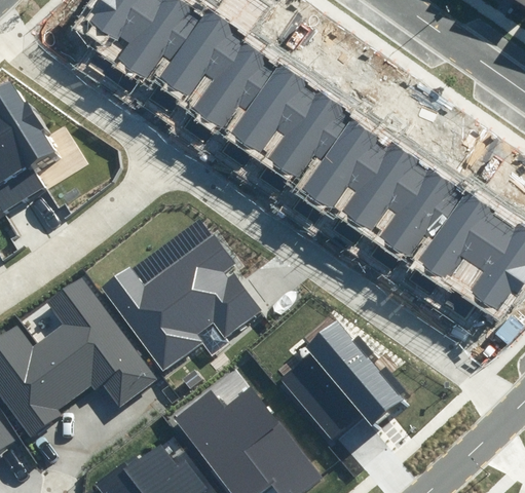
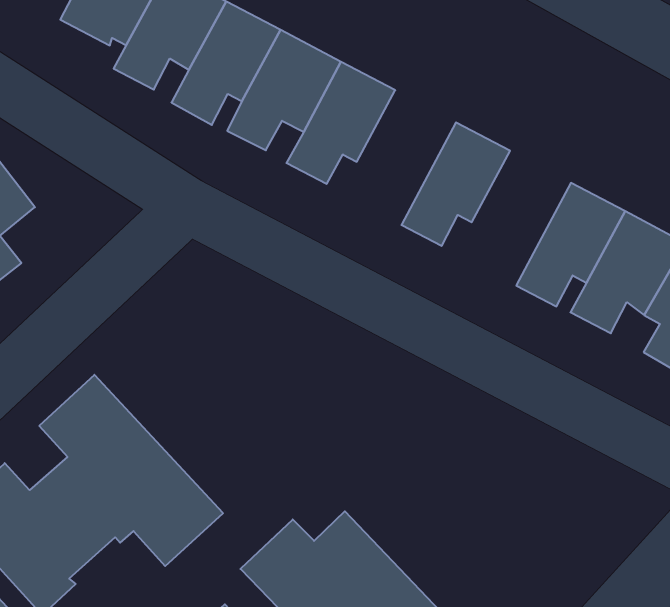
building: [269,93,354,178] -> none
building: [346,144,430,228] -> none
building: [98,230,259,372] -> none
building: [282,325,401,440] -> none

